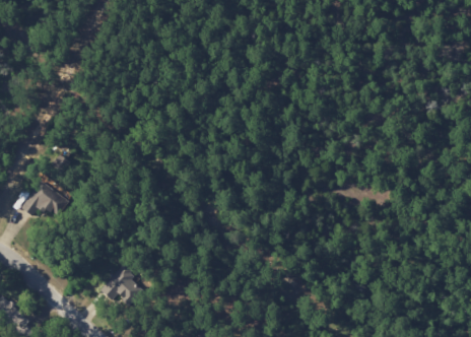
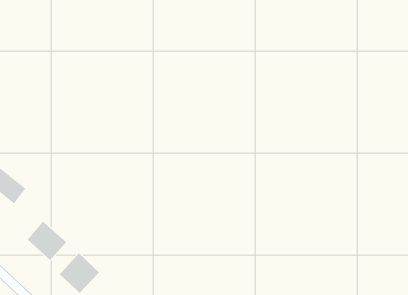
building: none -> [27,221,67,261]

